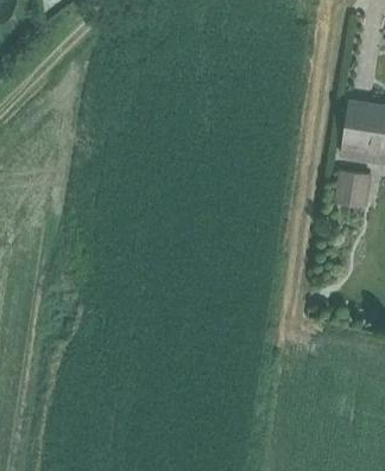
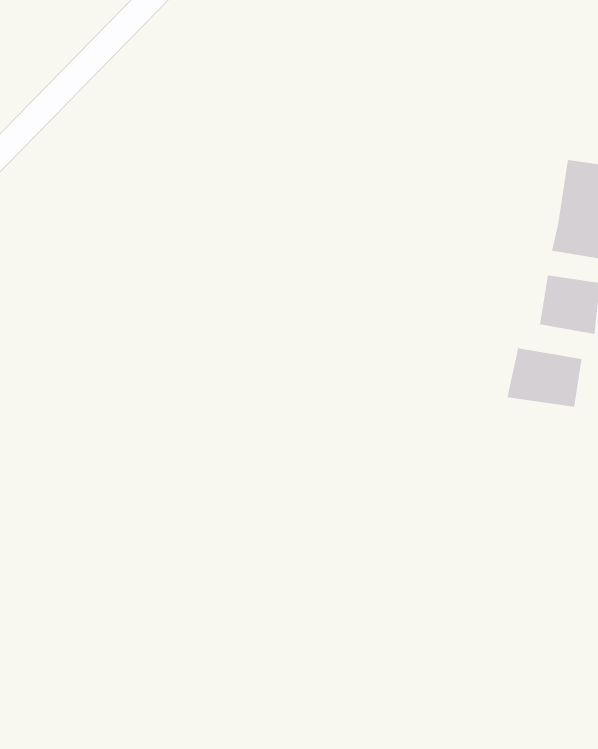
building: none -> [507,348,582,408]

